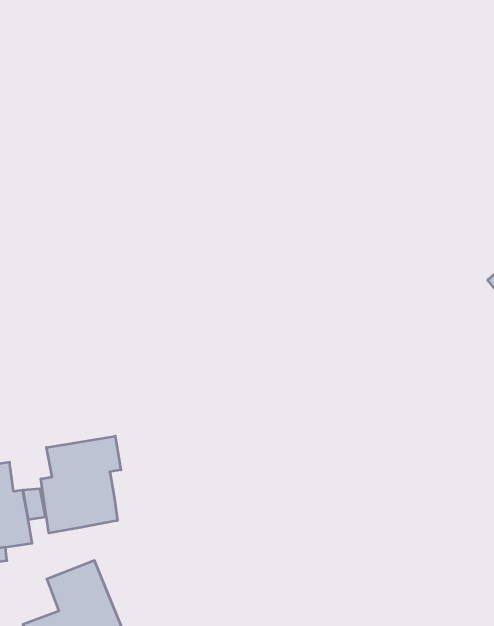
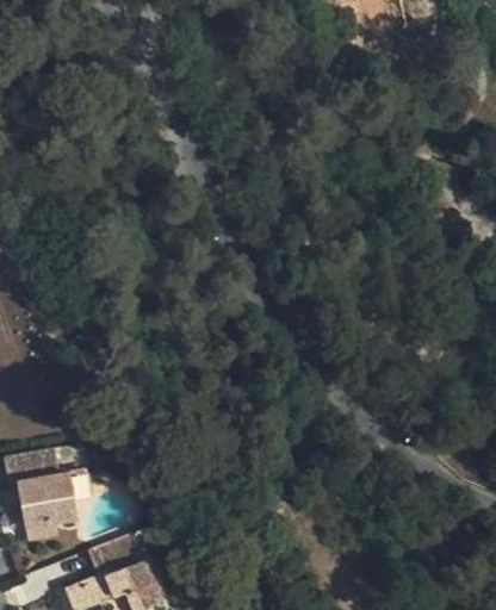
building: [41,436,121,533] -> none

